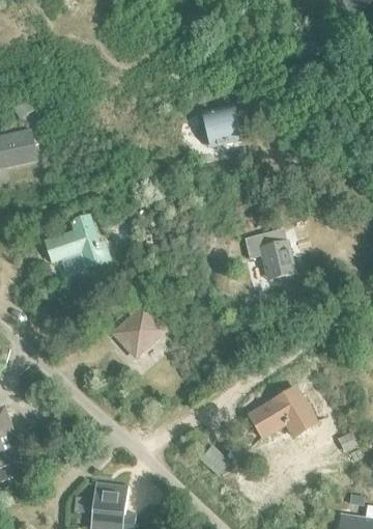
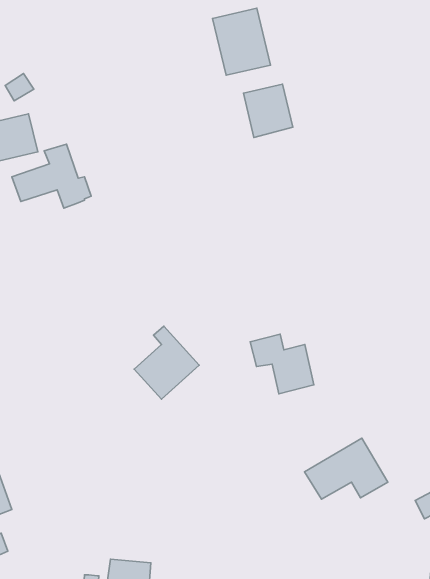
building: none -> [213,8,270,75]
building: [46,216,109,267] -> [12,144,91,208]
building: [245,232,295,280] -> [250,334,314,394]

